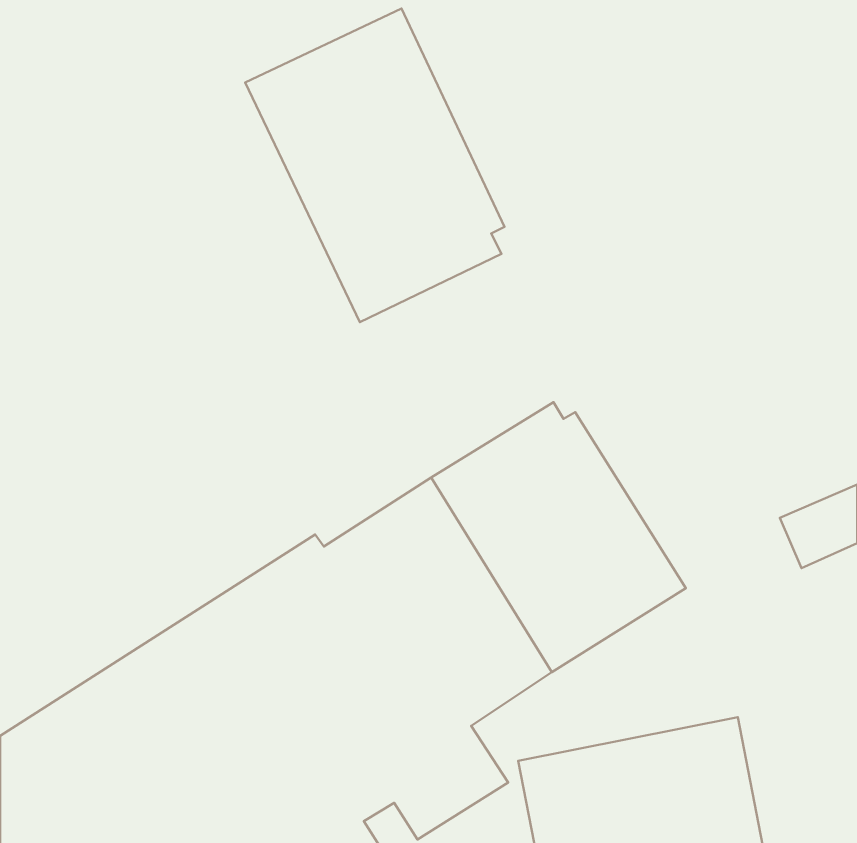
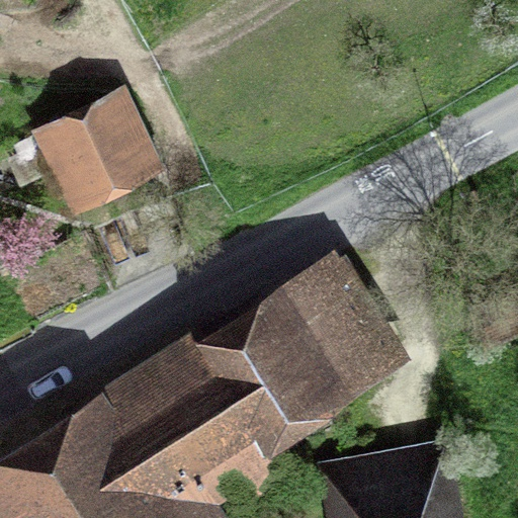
building: [245,9,504,322] -> none
building: none -> [31,87,166,218]

